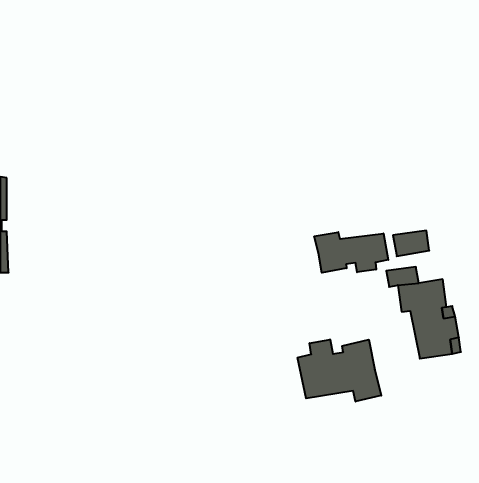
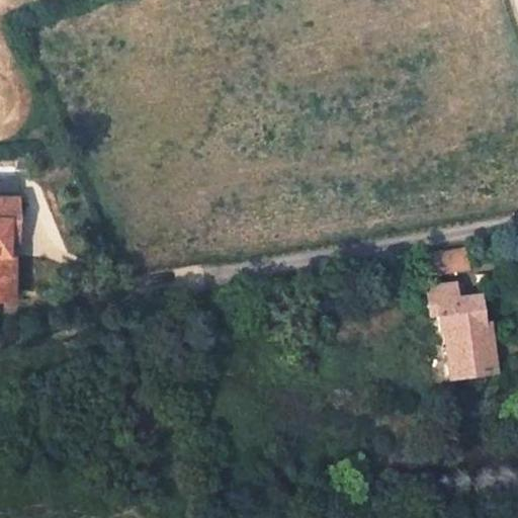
building: [314,232,388,273] -> none
building: [298,339,381,402] -> none

